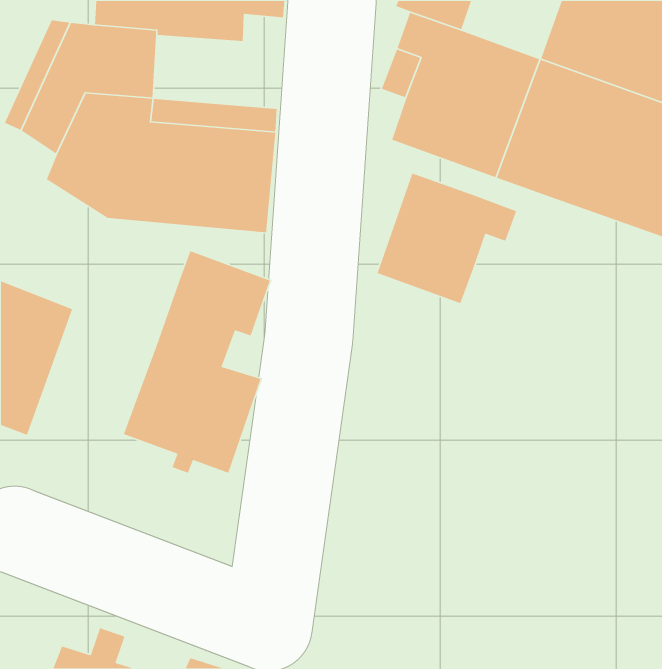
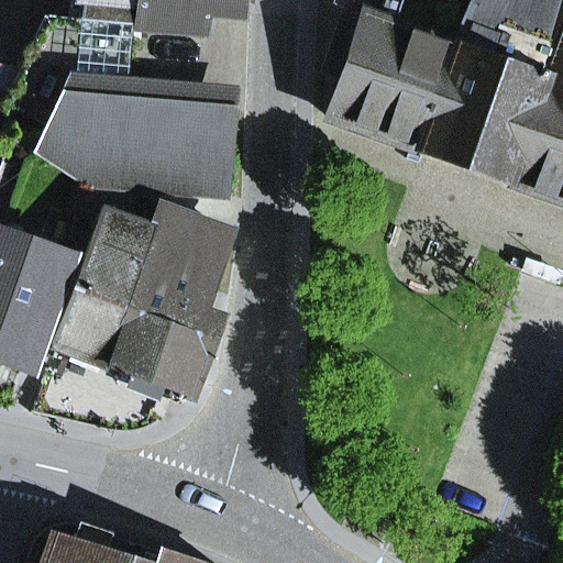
building: [376,173,517,304] -> none
building: none -> [59,220,155,365]

